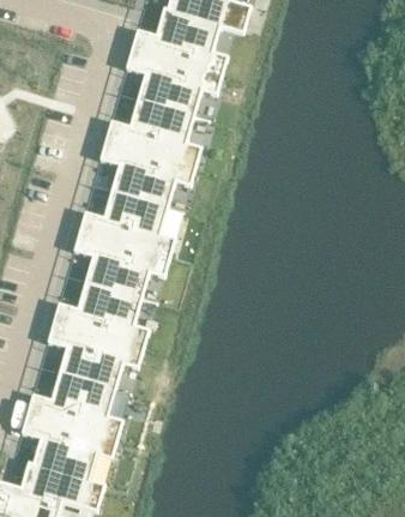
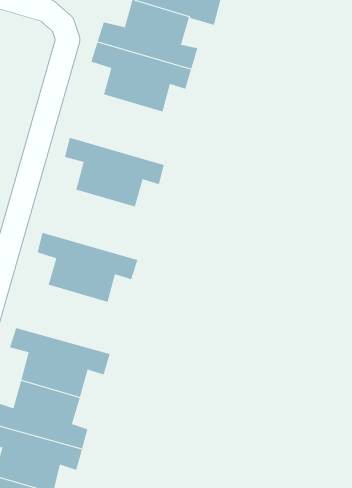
building: [104,100,201,167] -> none
building: [78,191,175,258] -> none
building: [53,282,149,348] -> none

